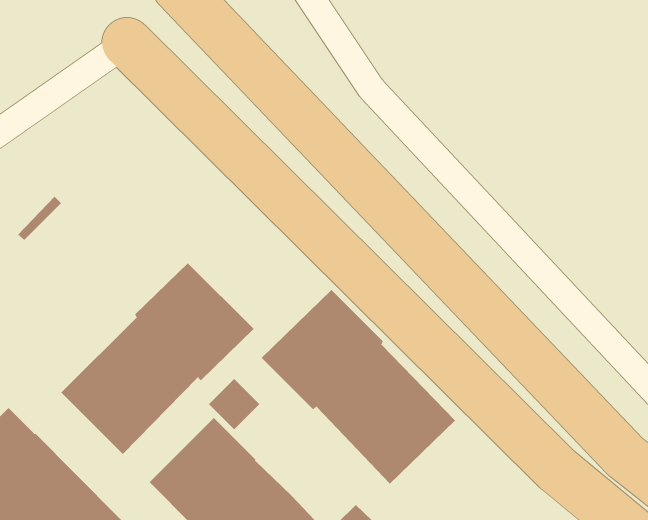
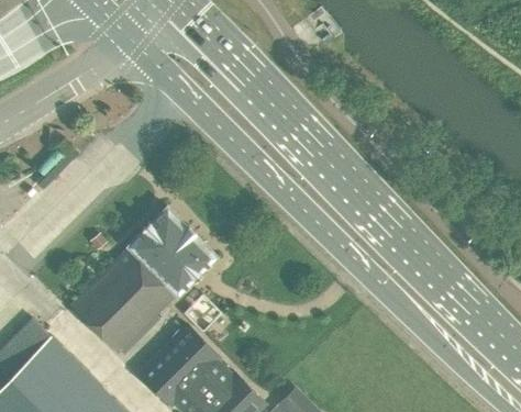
building: [261,289,456,485] -> none

